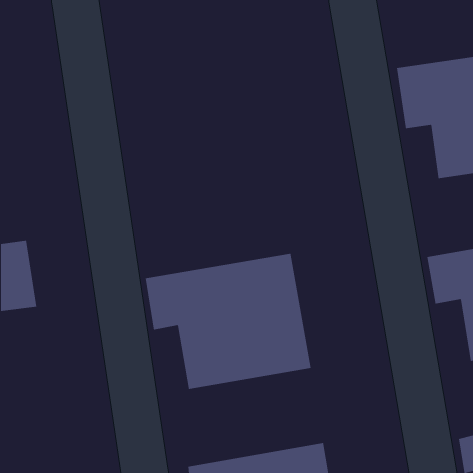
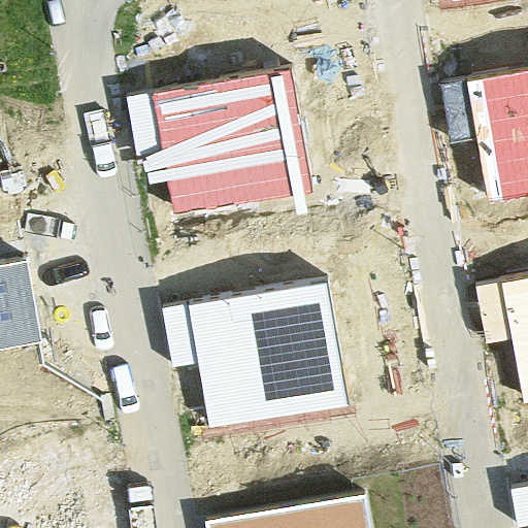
building: none -> [128,70,310,216]

